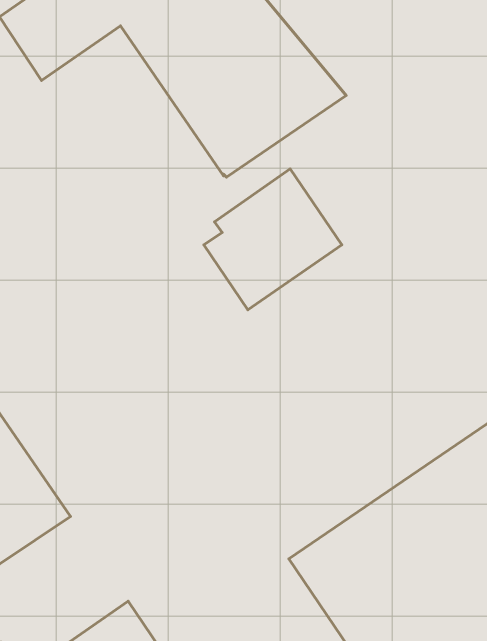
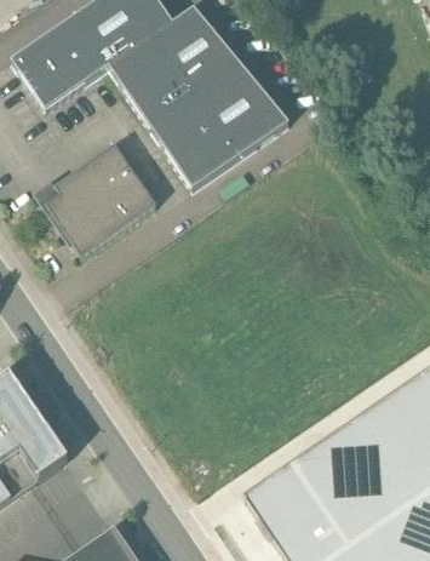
building: [204,169,342,310] -> [46,144,156,257]

